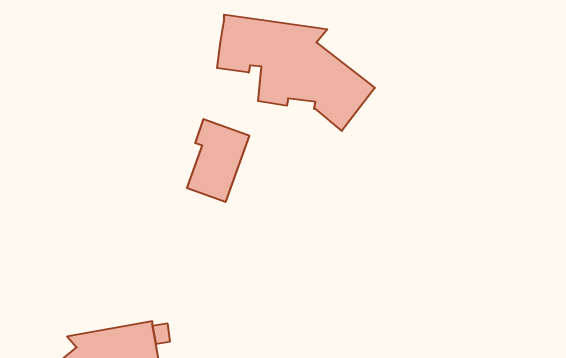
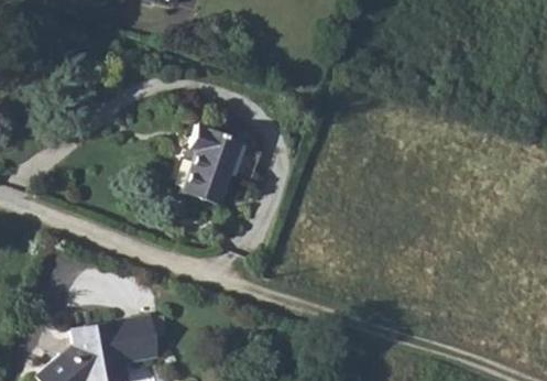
building: [217,15,375,131] -> none

